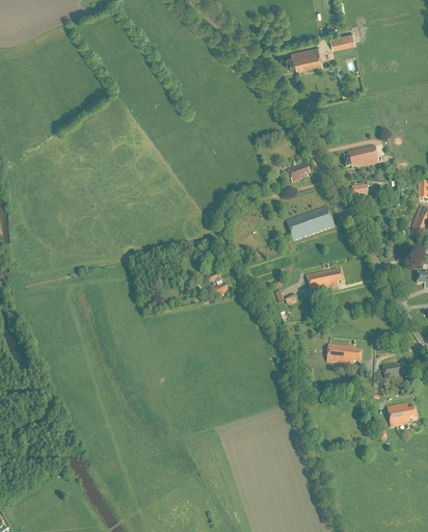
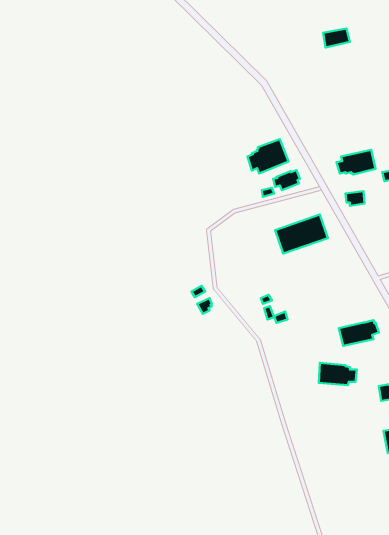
building: [286,44,322,68] -> none
building: none -> [247,139,289,173]
building: [306,267,344,291] -> [339,320,379,346]

